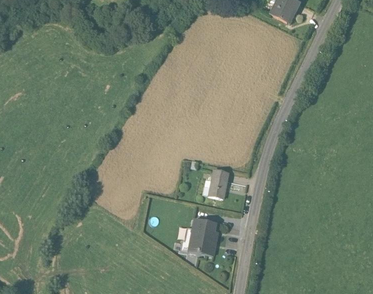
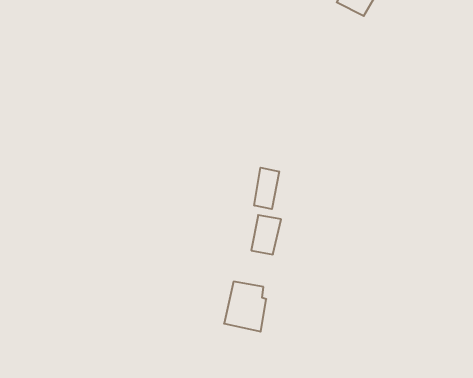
building: none -> [254,168,279,209]

